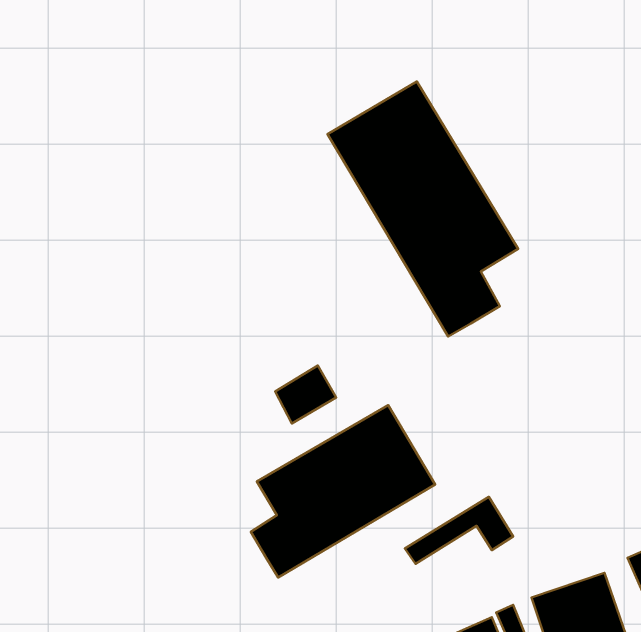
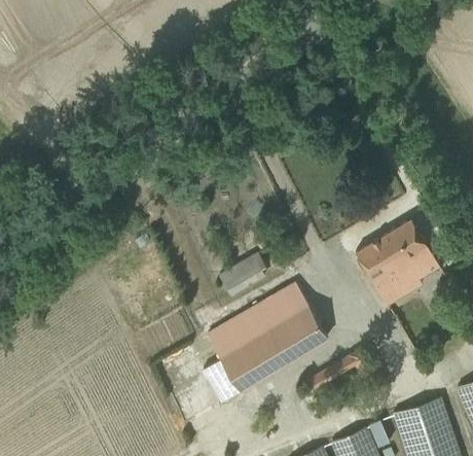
building: [328,81,518,337] -> none
building: none -> [356,218,436,294]

